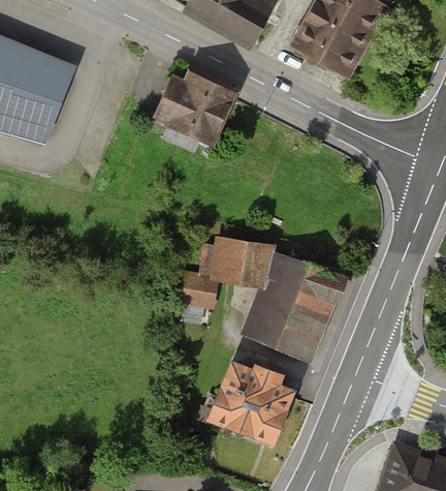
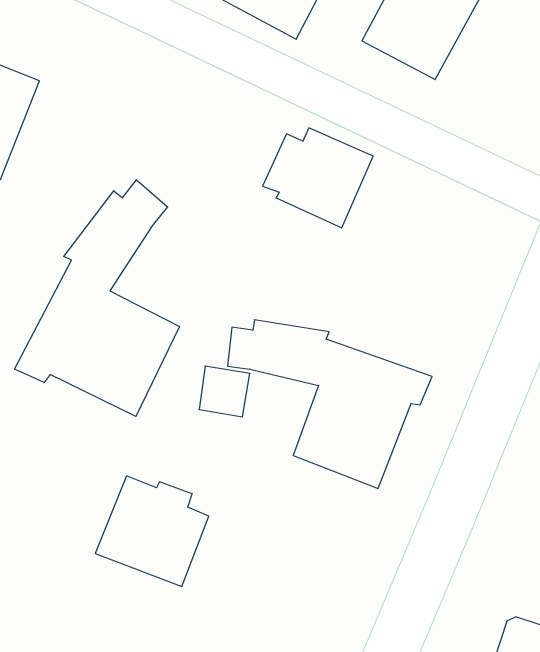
building: [156,75,232,145] -> [263,128,373,228]
building: none -> [15,180,179,416]
building: [211,364,289,440] -> [95,476,209,586]

